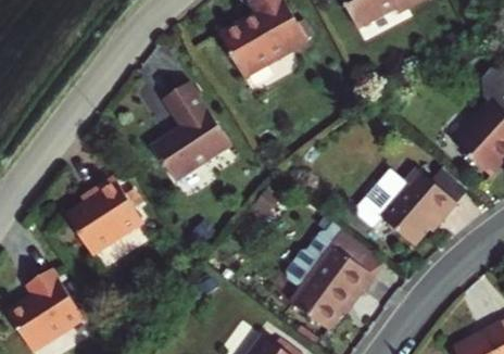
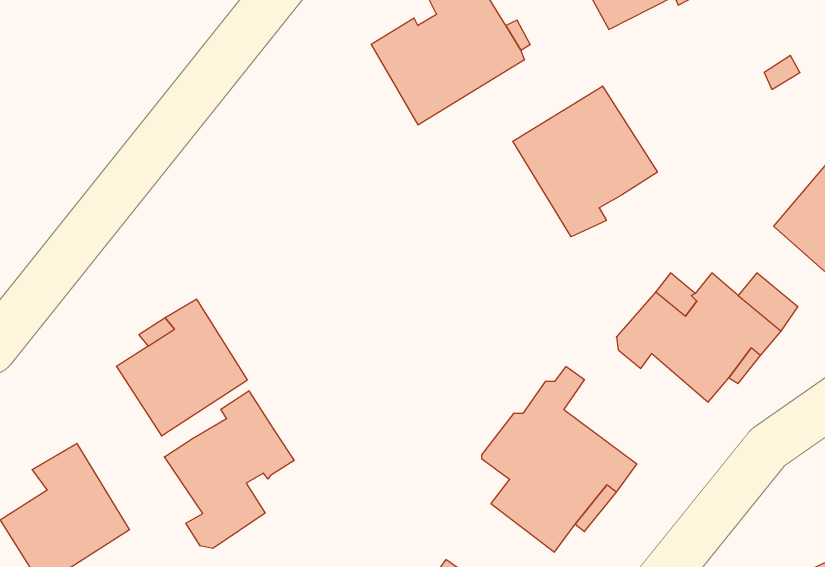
building: none -> [513,86,657,237]
building: [152,81,232,180] -> none
building: none -> [164,391,294,548]

